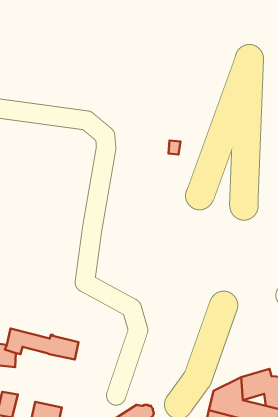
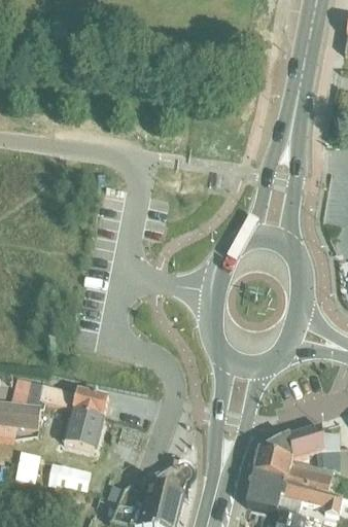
building: none -> [64,408,103,447]

